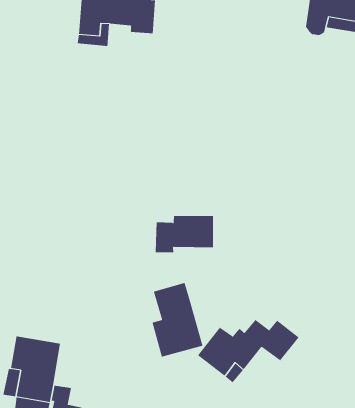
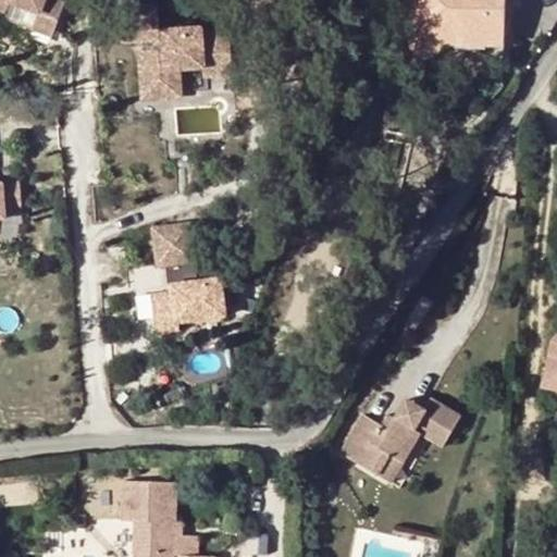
building: none -> [153,225,195,268]
building: [155,215,214,253] -> [151,280,225,334]
building: [152,282,203,357] -> none

